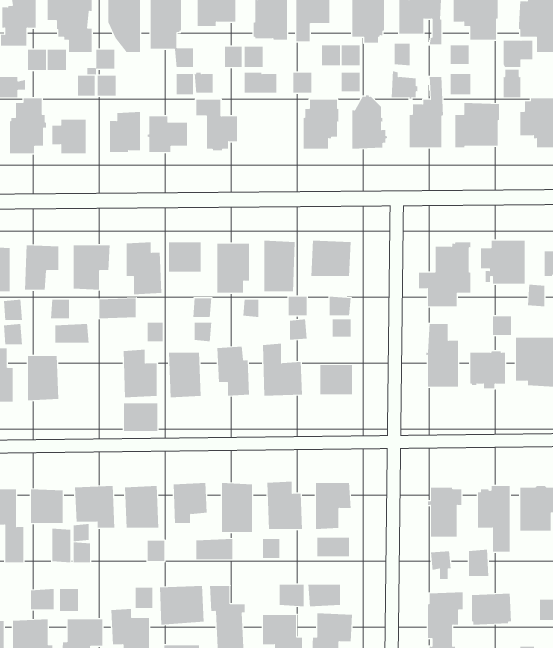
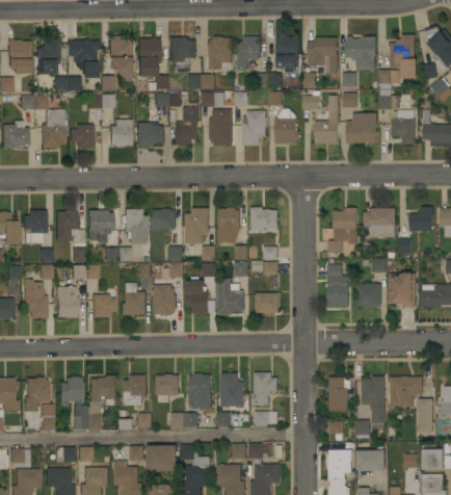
building: none -> [210,108,234,145]
building: [123,403,158,431] -> [89,295,113,315]

